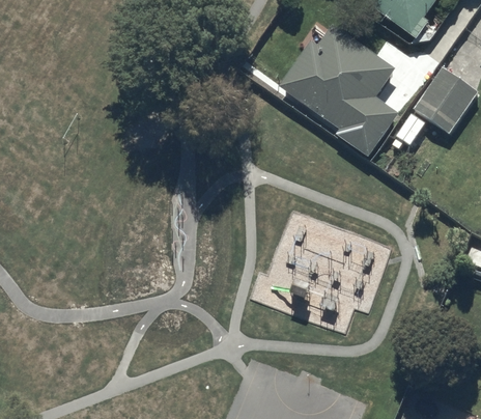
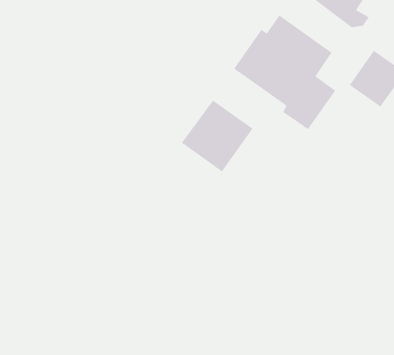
building: none -> [181,100,254,173]

